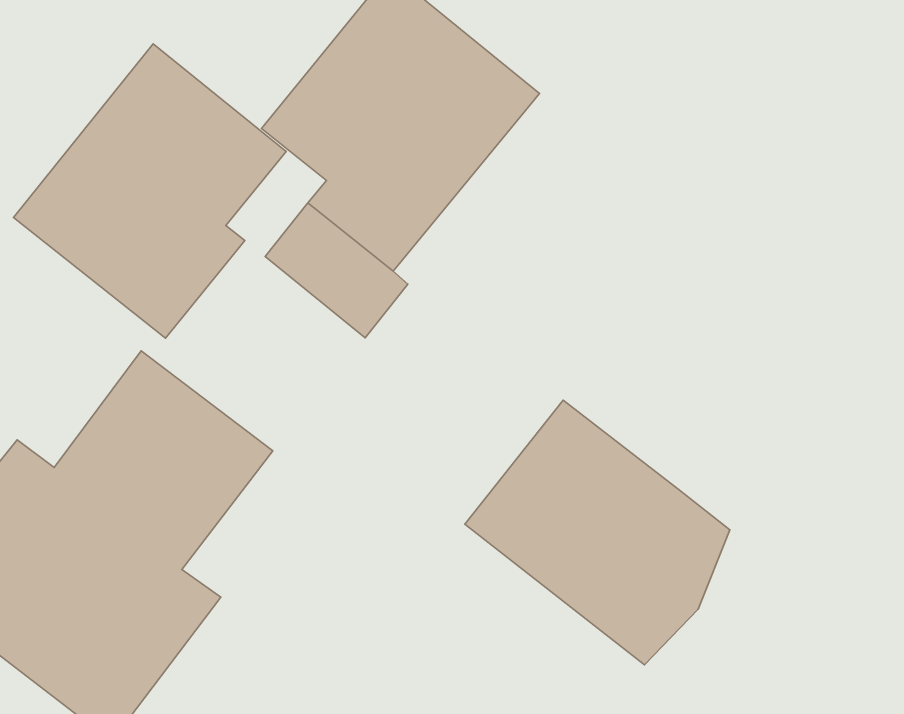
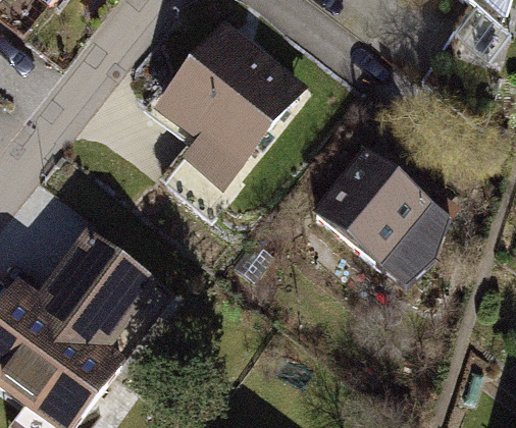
building: [14,44,286,338] -> none
building: [465,400,730,665] -> [308,143,454,288]

